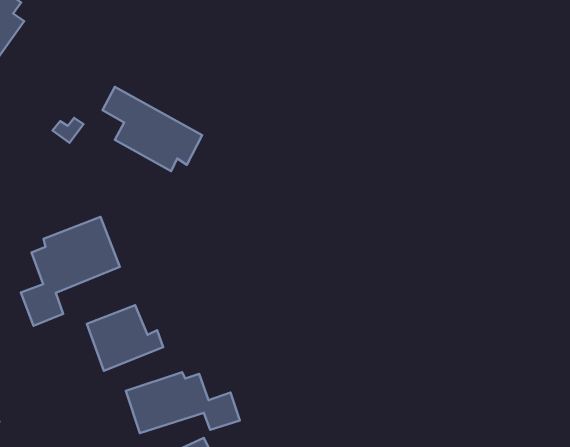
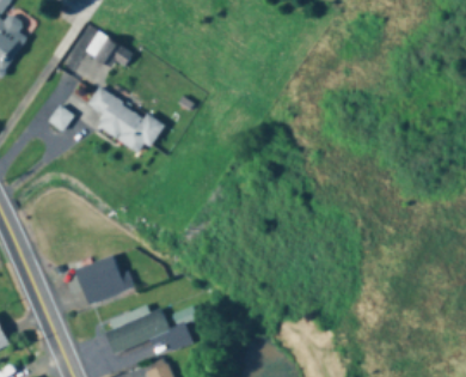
building: none -> [74,31,133,84]
building: [21,217,120,326] -> none

